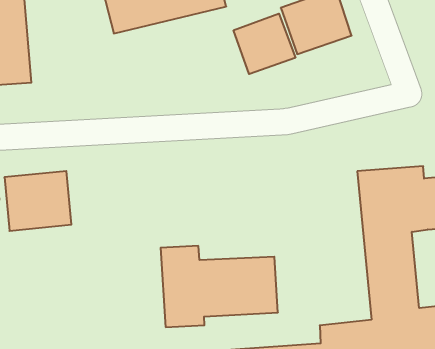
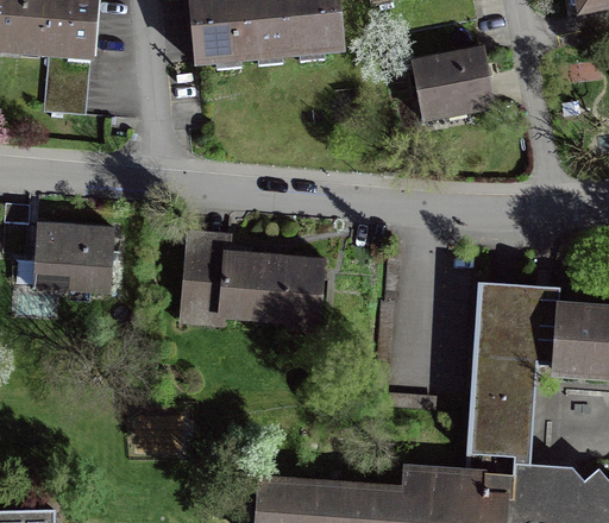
building: [234,14,295,74] -> none
building: [161,246,278,327] -> [176,229,325,334]

